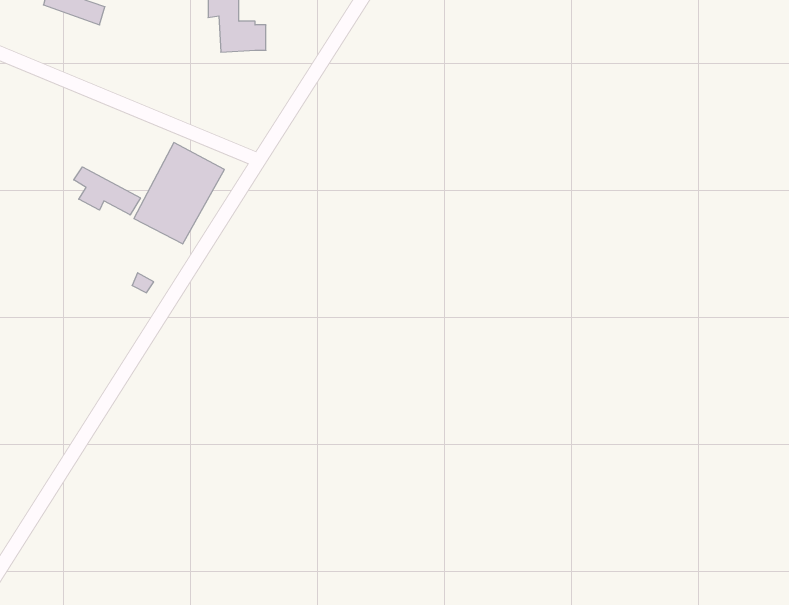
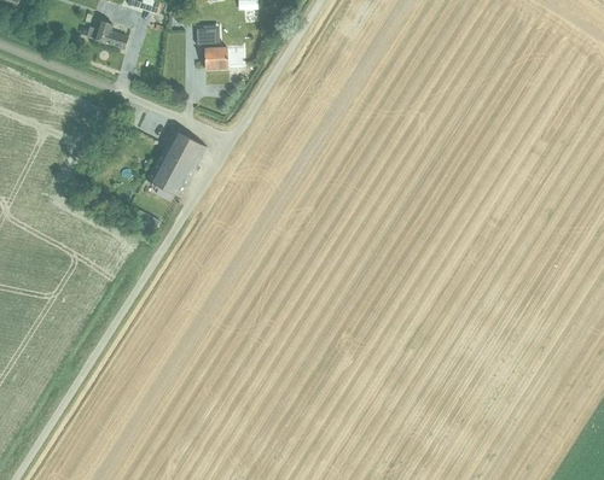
building: [74,167,140,215] -> none

